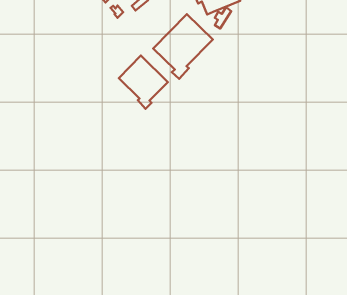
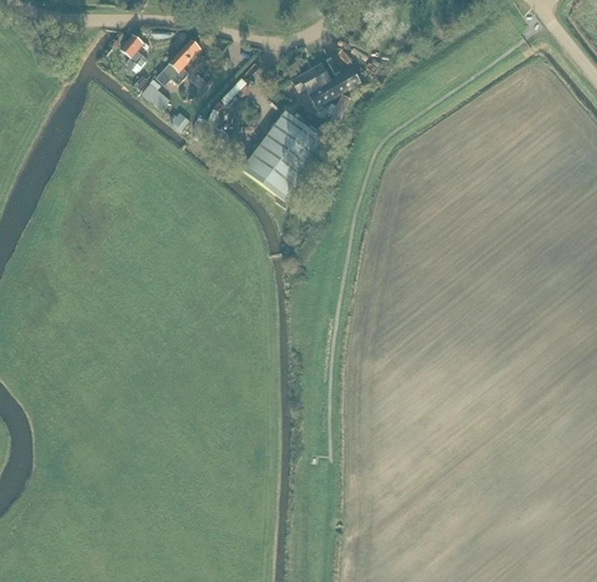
building: [119,56,168,109] -> none

